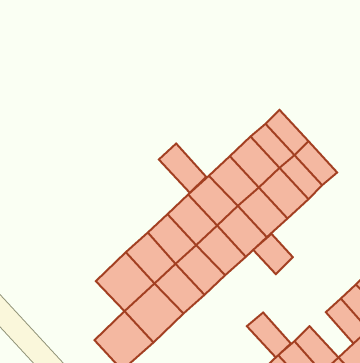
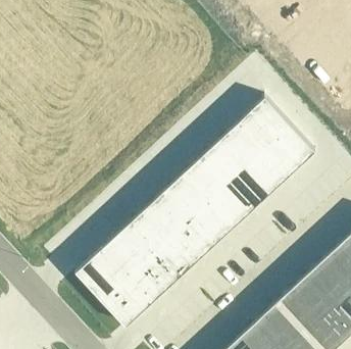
building: [159,144,206,193] -> none
building: [253,234,293,274] -> none
building: none -> [76,249,128,301]
building: [247,312,291,357] -> [291,277,330,316]

